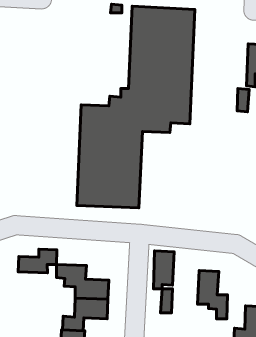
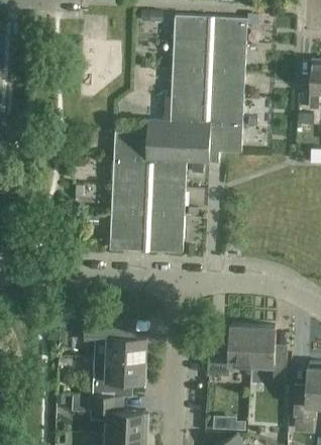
building: [18,249,57,273] -> none
building: [154,251,174,289] -> [227,325,251,369]

